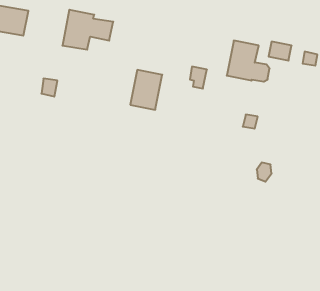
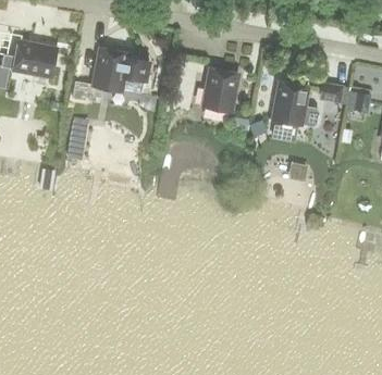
building: [130,70,162,110] -> [202,68,237,112]

